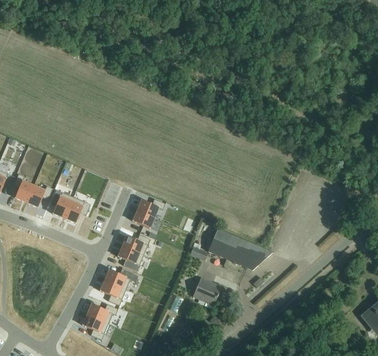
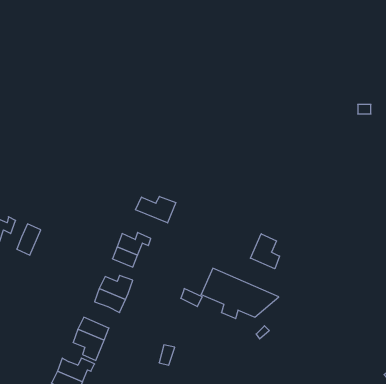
building: none -> [136,196,176,223]
building: [64,197,90,223] -> none
building: none -> [250,234,280,269]
building: [193,281,220,306] -> none

